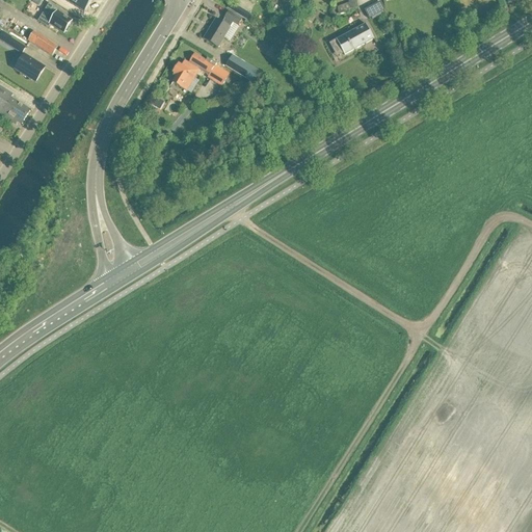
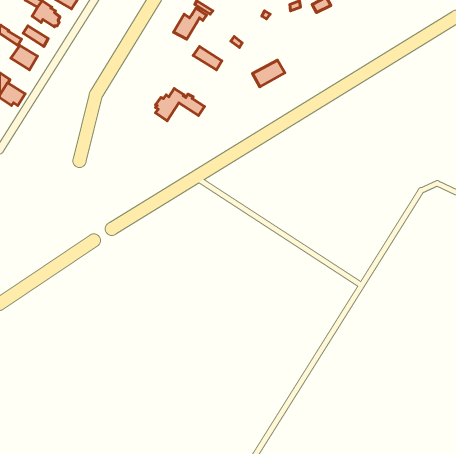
building: [336,23,373,54] -> [253,60,285,87]
building: [171,52,229,89] -> [155,89,205,121]

